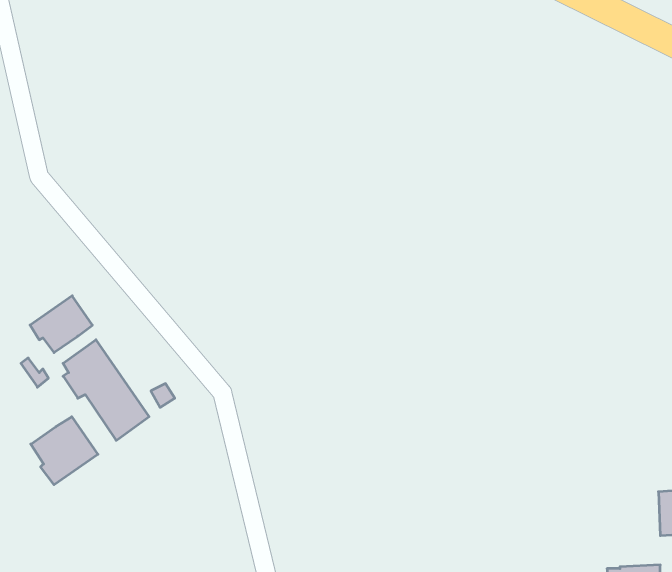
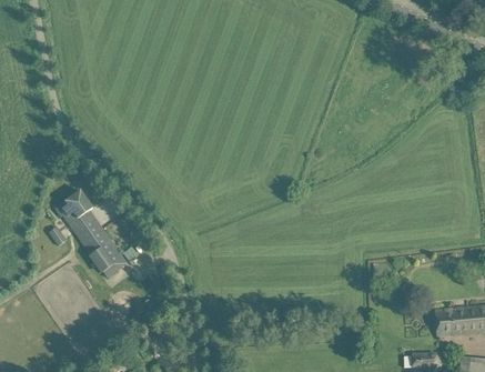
building: [31,417,98,485] -> none

